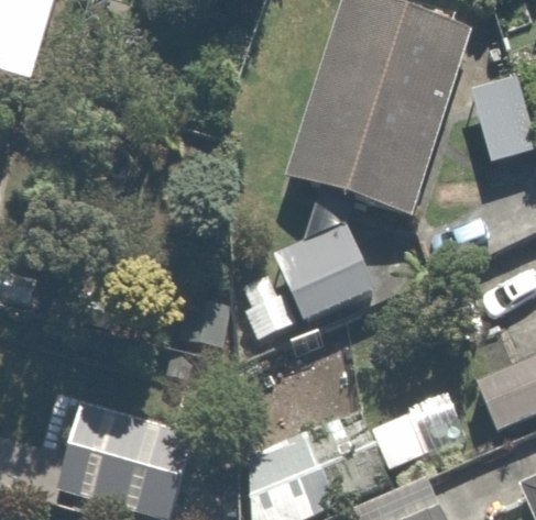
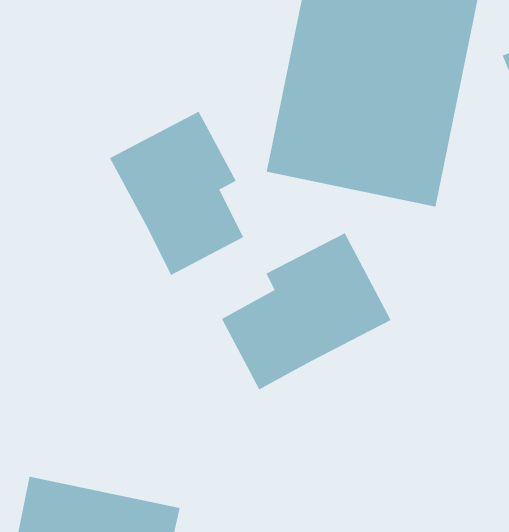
building: none -> [109,111,244,276]

